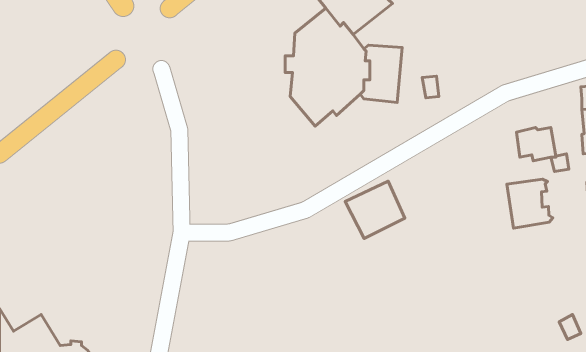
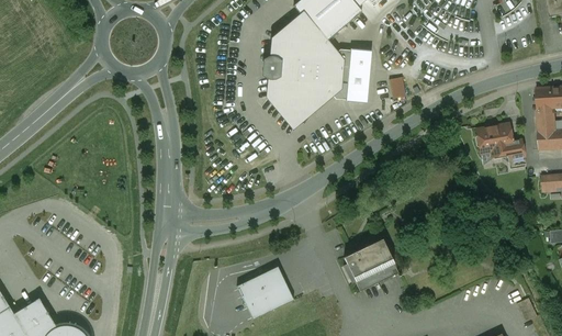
building: [507,179,553,228] -> none
building: [345,181,405,238] -> [342,238,397,291]
building: none -> [235,266,293,320]

